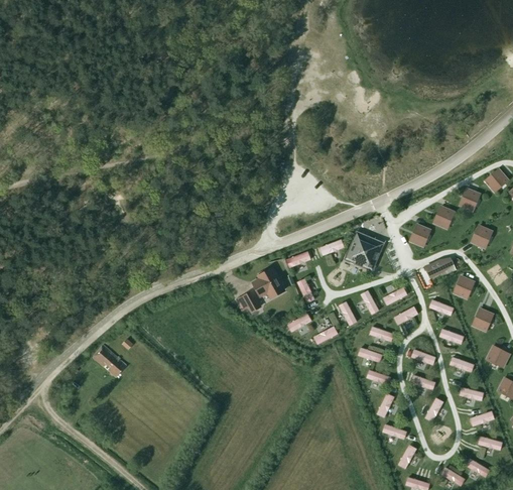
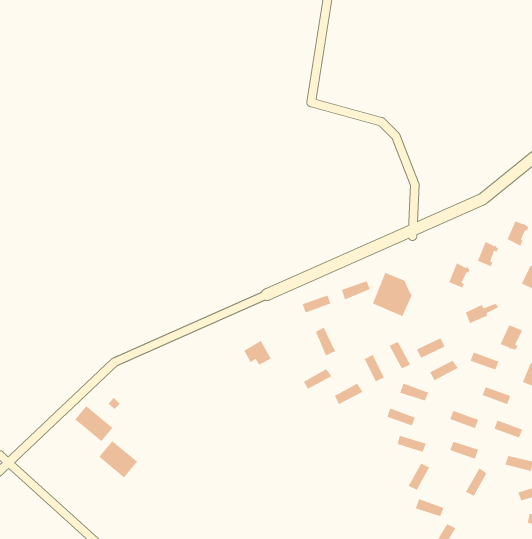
building: [250,268,286,300] -> none
building: none -> [98,440,138,478]

